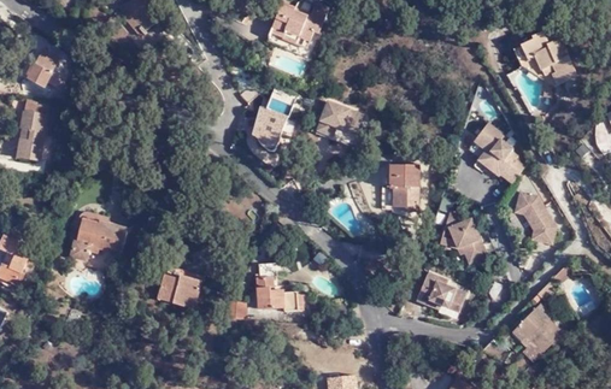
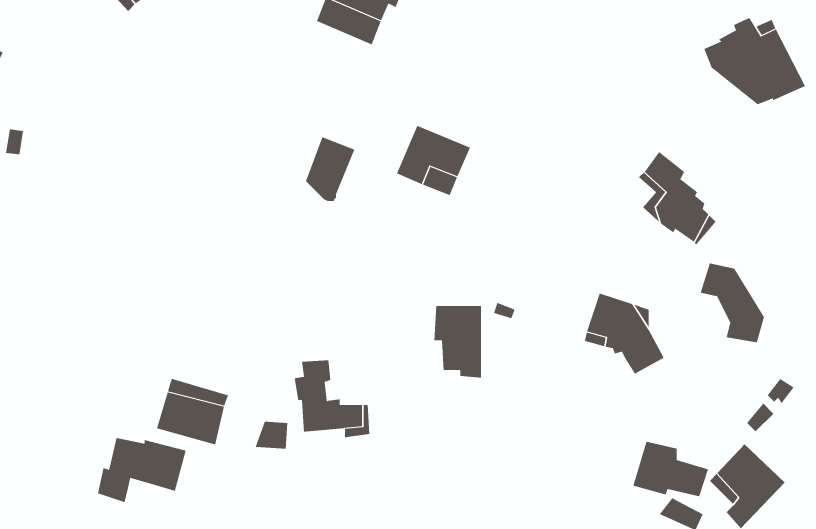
building: [388,163,419,210] -> [434,305,482,378]
building: [69,219,127,261] -> [97,438,187,503]
building: [417,276,466,312] -> [633,441,709,497]

